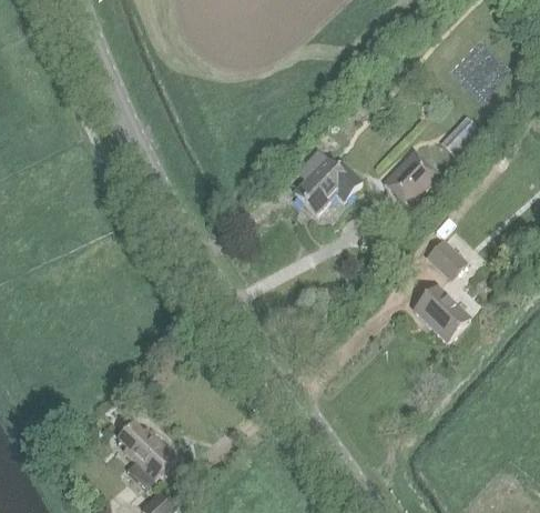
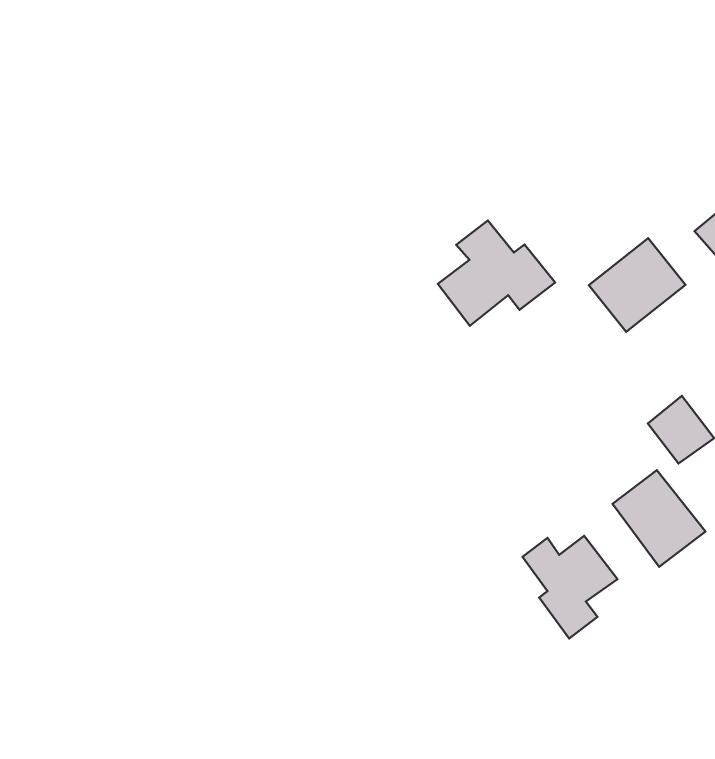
building: none -> [523,536,617,639]
building: [118,422,176,489] -> none

